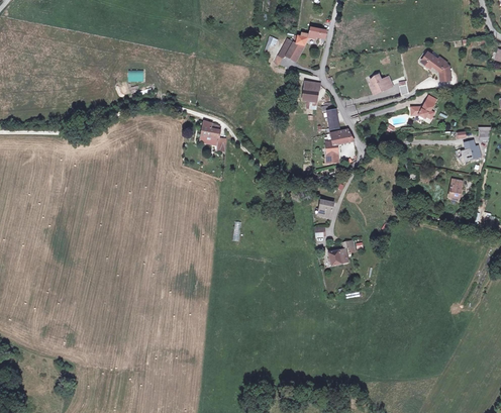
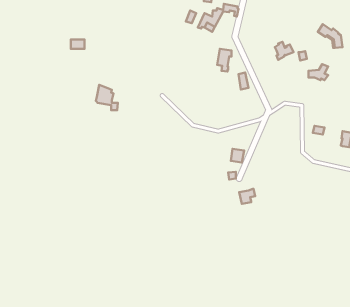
building: [199,120,225,150] -> [96,85,118,110]
building: [324,128,353,163] -> none

